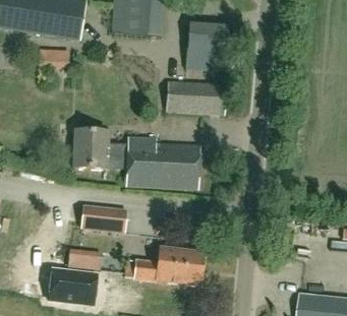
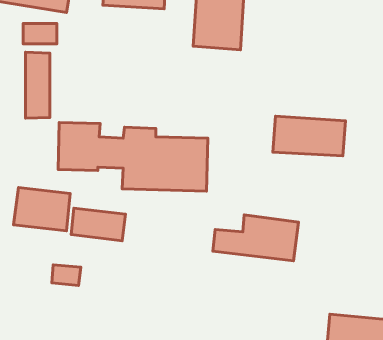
building: none -> [26,52,50,118]
building: [165,79,226,113] -> [273,116,345,156]
building: [132,247,205,286] -> [213,215,298,261]
building: [48,268,96,305] -> [14,188,70,231]

